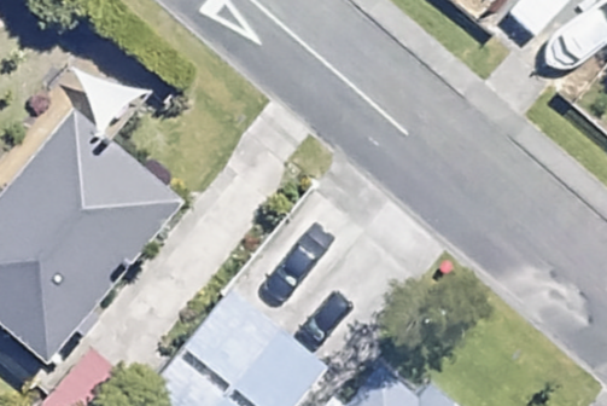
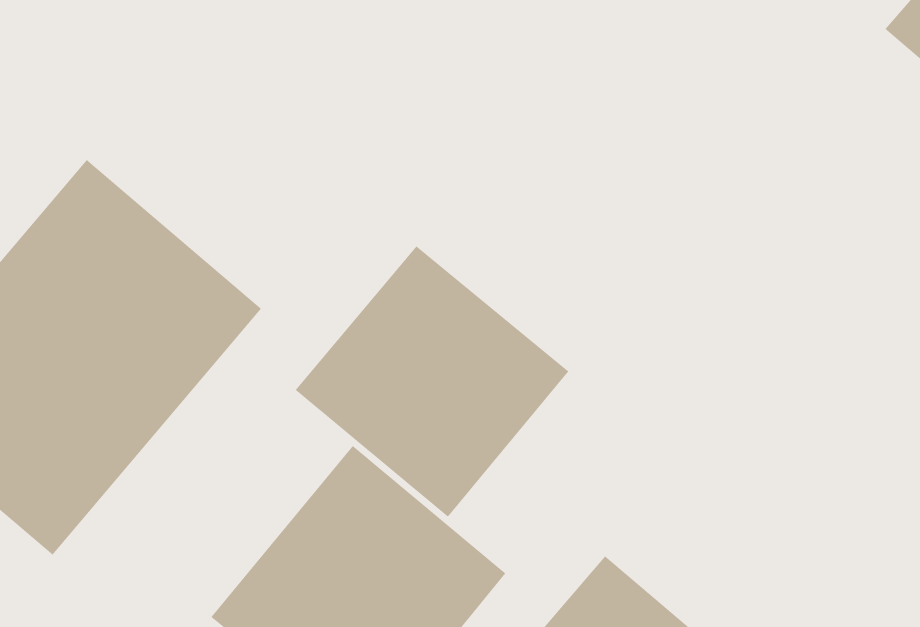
building: none -> [295,245,569,518]

